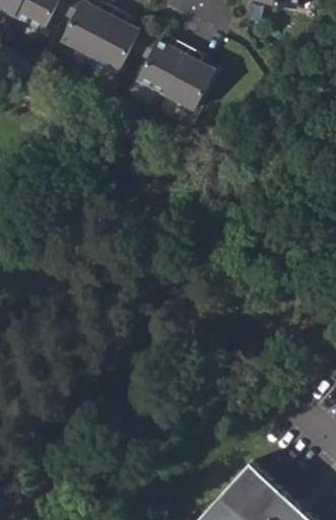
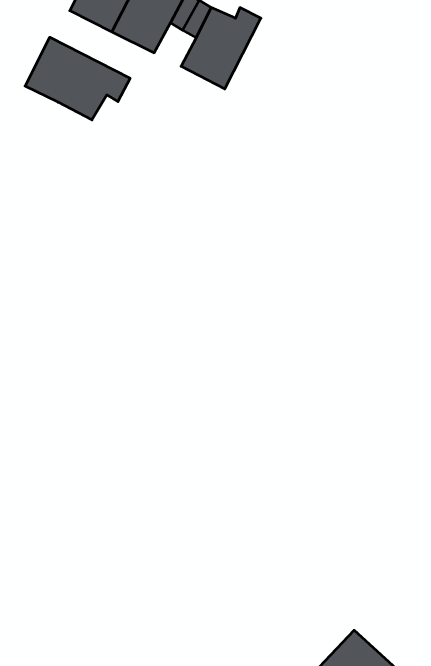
building: [162,48,212,111] -> none
building: none -> [25,37,130,120]

